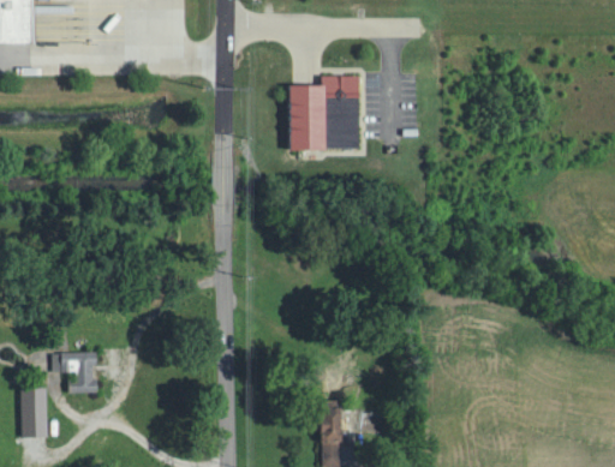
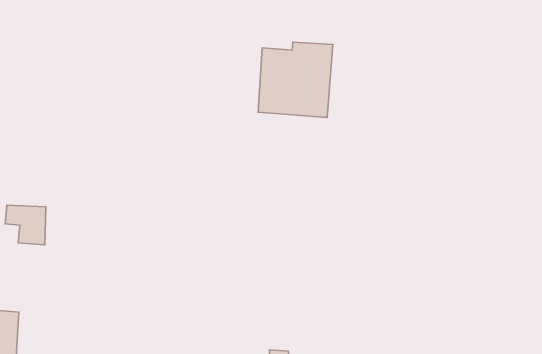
building: [53,352,97,393] -> [5,205,46,245]

